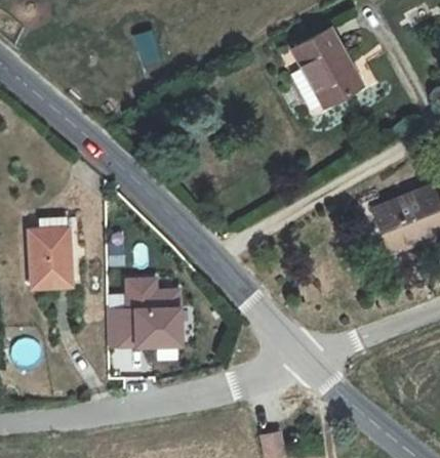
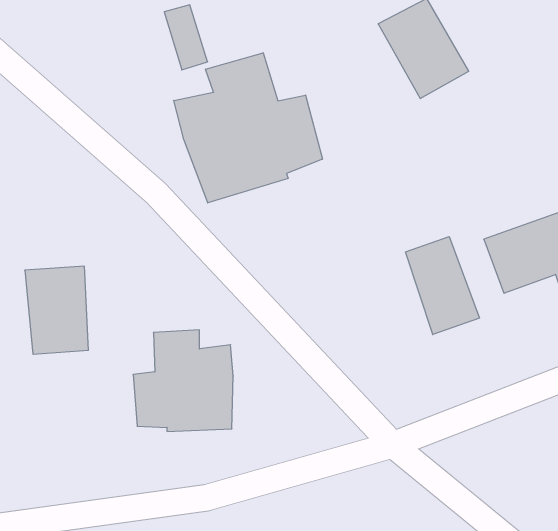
building: none -> [174,53,322,203]
building: none -> [405,237,479,335]

